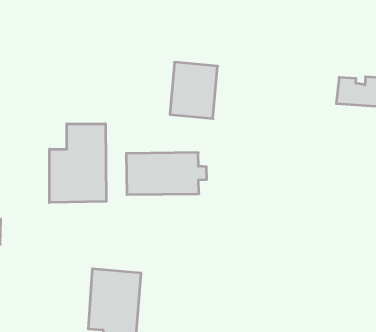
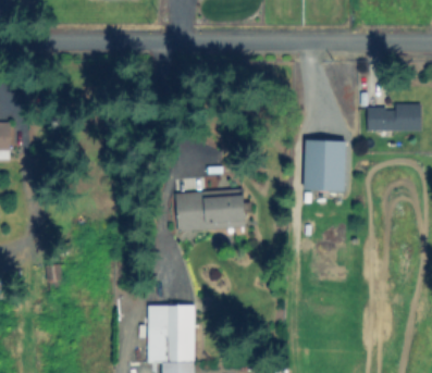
building: [170,62,218,119] -> [301,138,344,189]
building: [49,124,106,203] -> none

